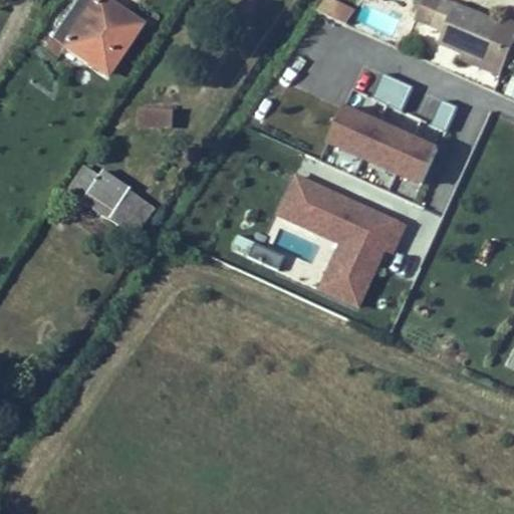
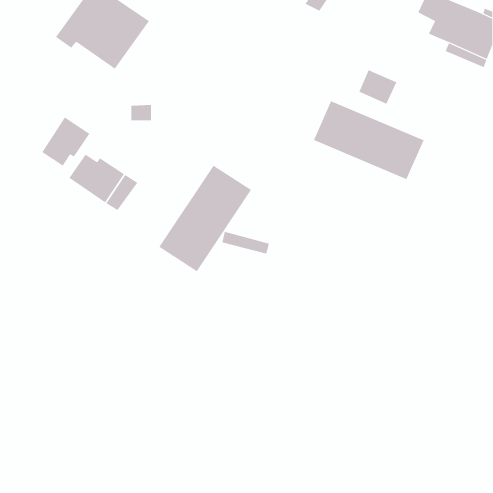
building: none -> [41,116,90,166]
building: none -> [158,165,252,272]
building: [272,174,406,309] -> none

